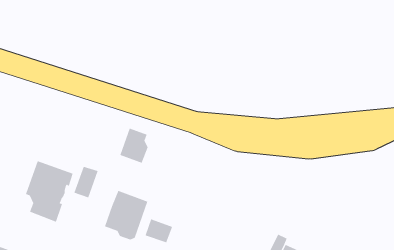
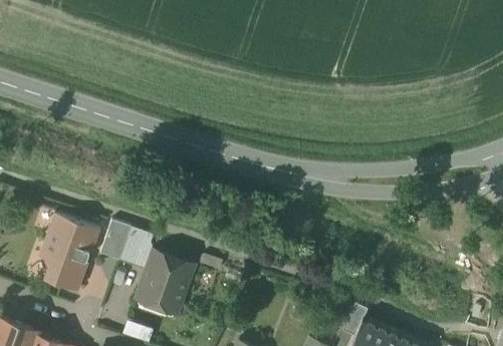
building: [119,128,148,163] -> [119,227,156,271]
building: [145,219,173,243] -> none

